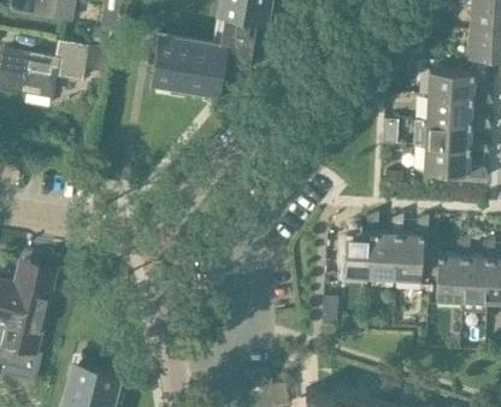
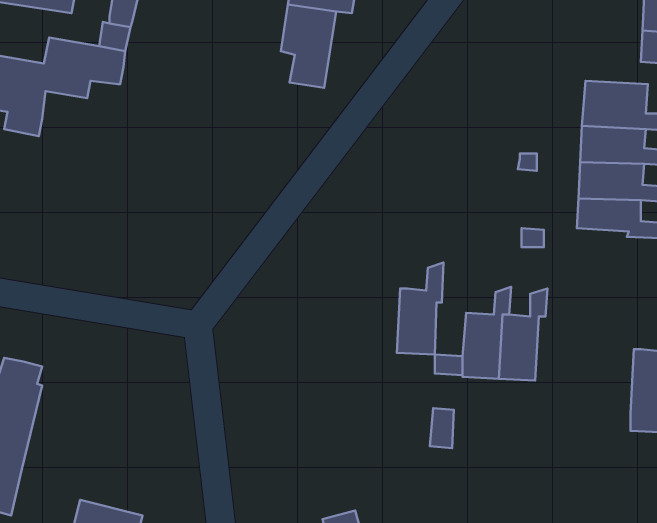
building: [151,39,228,95] -> none
building: [395,216,428,279] -> [397,263,444,354]
building: [437,237,470,301] -> none

